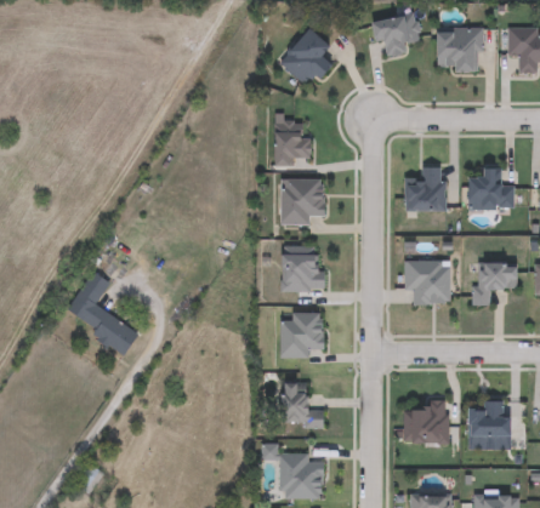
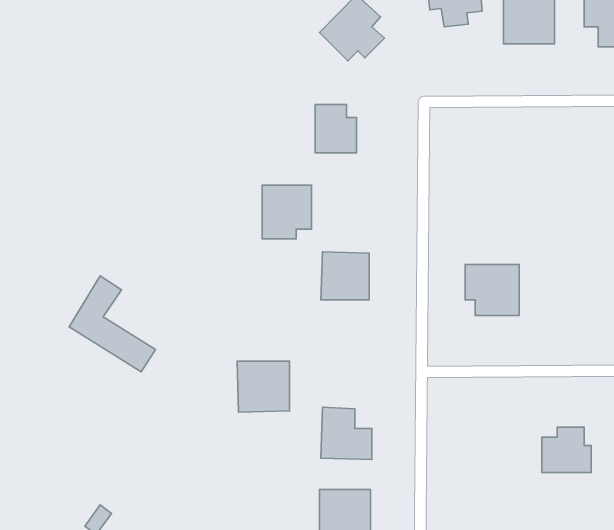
building: [404,167,445,212] -> none
building: [468,169,515,210] -> none
building: [280,179,323,226] -> [262,185,312,239]
building: [476,262,518,306] -> none
building: [279,313,324,356] -> [237,361,289,412]
building: [403,401,449,444] -> none

